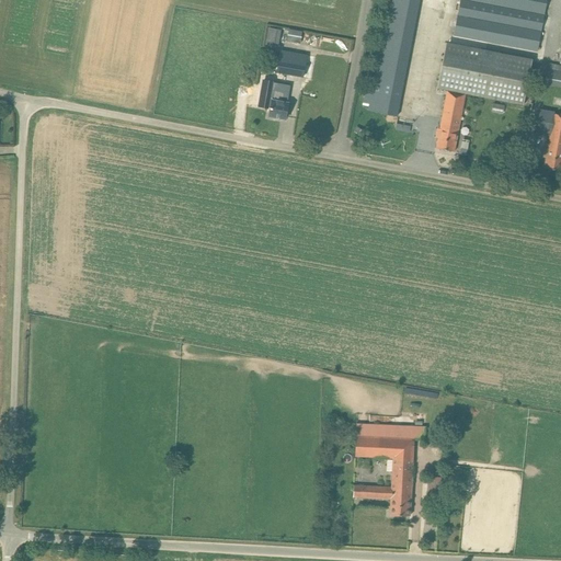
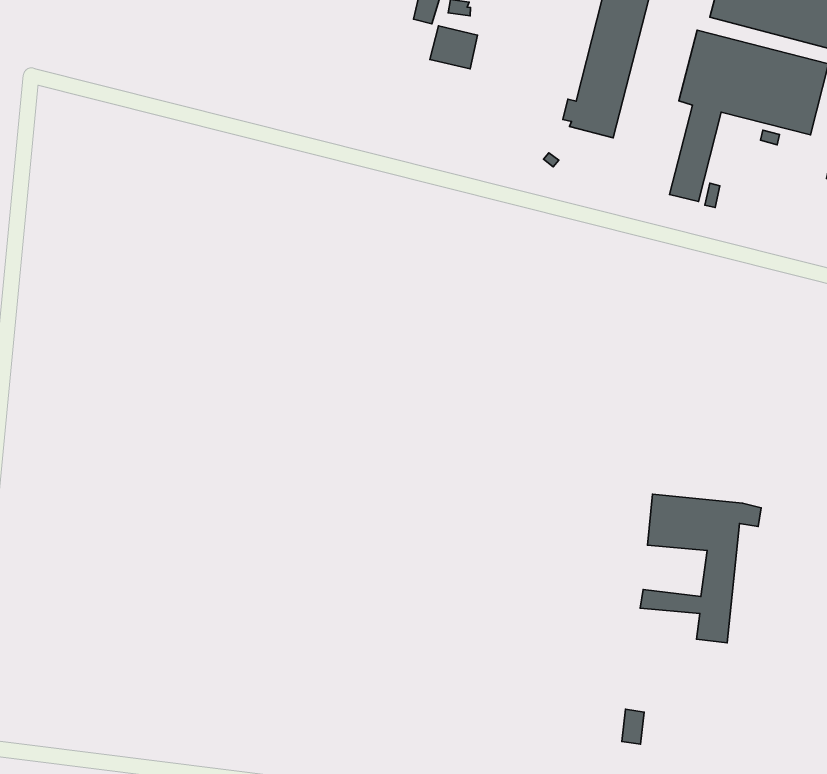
building: [250,88,288,118] -> none
building: [353,423,426,515] -> [640,494,761,643]

